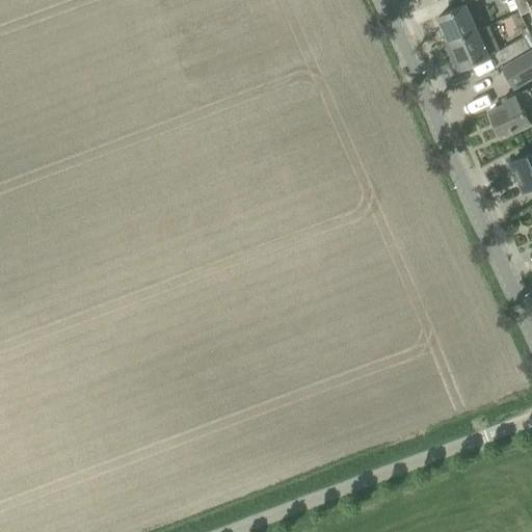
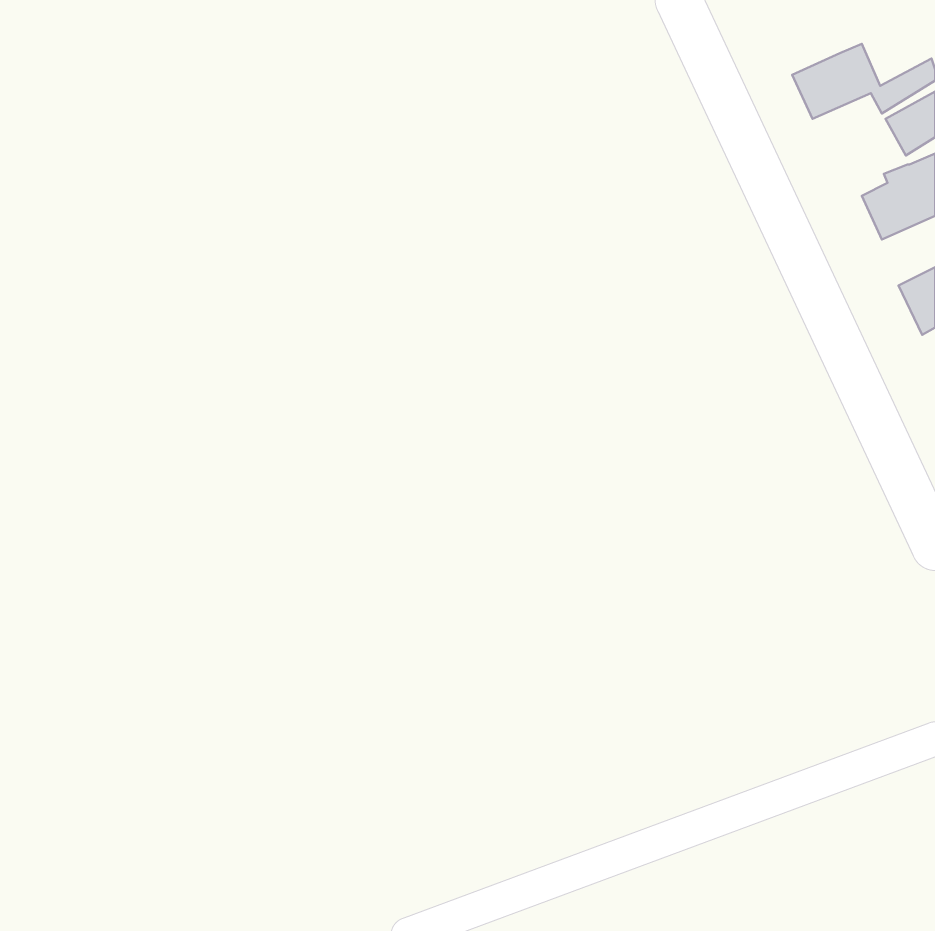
building: [438,7,477,45] -> none

